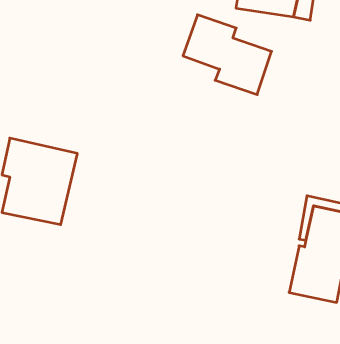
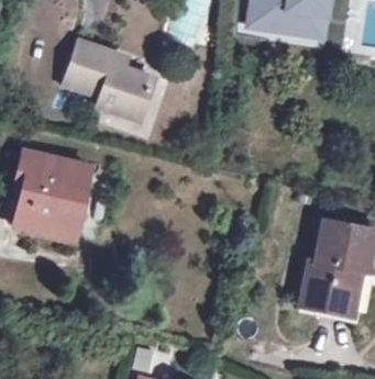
building: [183,15,272,95] -> [66,42,154,121]

